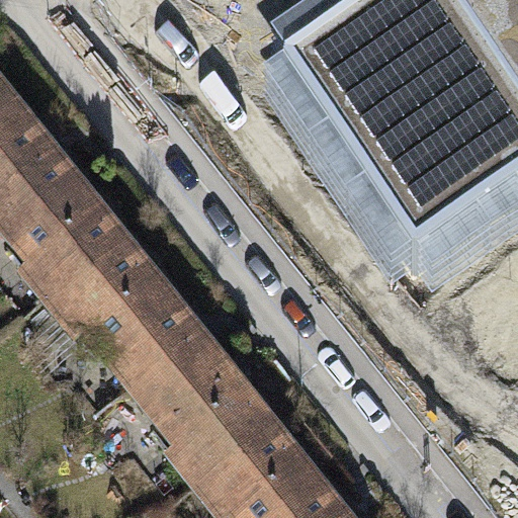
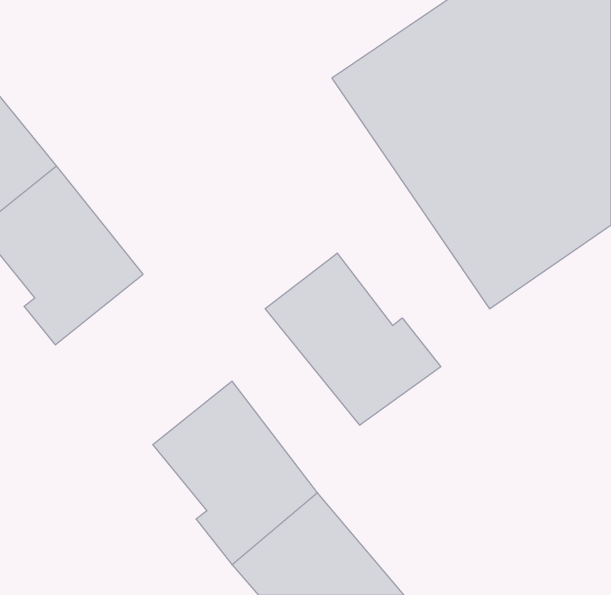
building: none -> [265,253,441,425]
building: [47,231,195,374] -> none

